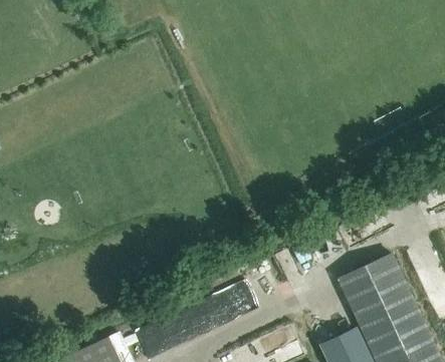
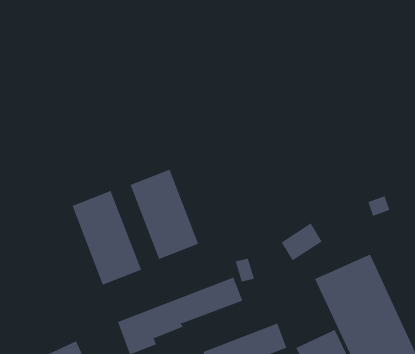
building: none -> [130,169,199,260]
building: none -> [72,190,142,285]

